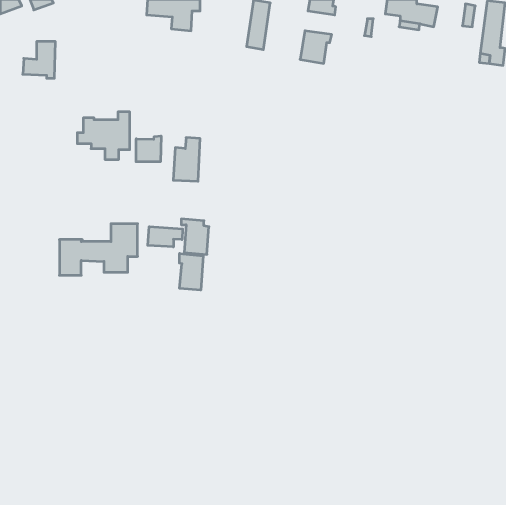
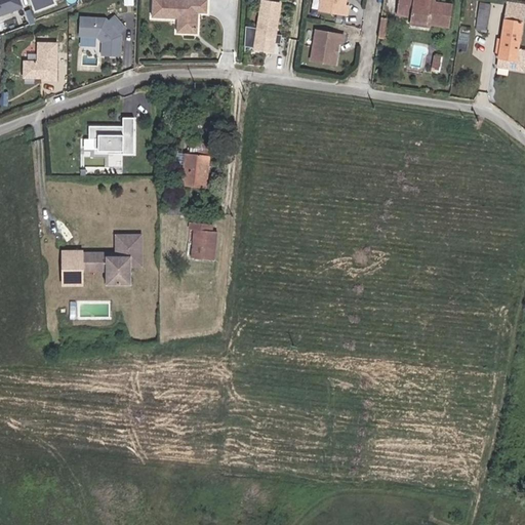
building: none -> [80,13,126,53]
building: [136,136,161,162] -> none
building: [148,227,183,247] -> none
building: [179,253,203,290] -> none

